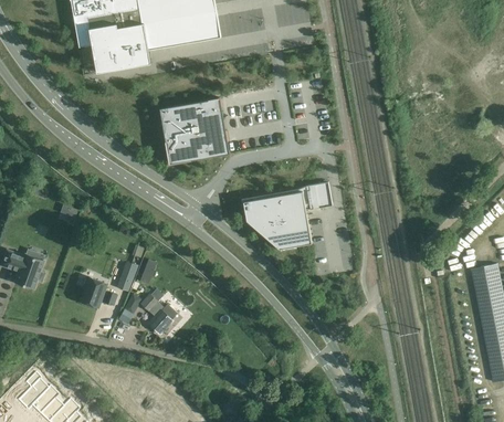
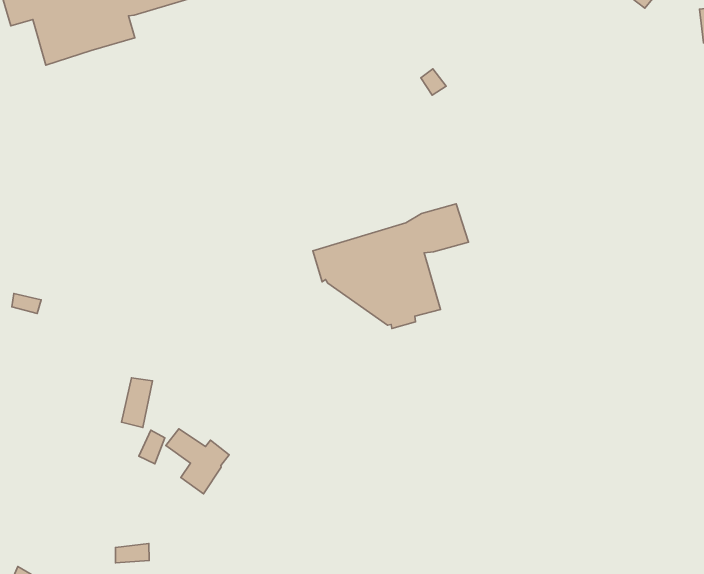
building: [160,97,229,163] -> none
building: [81,277,118,307] -> none

